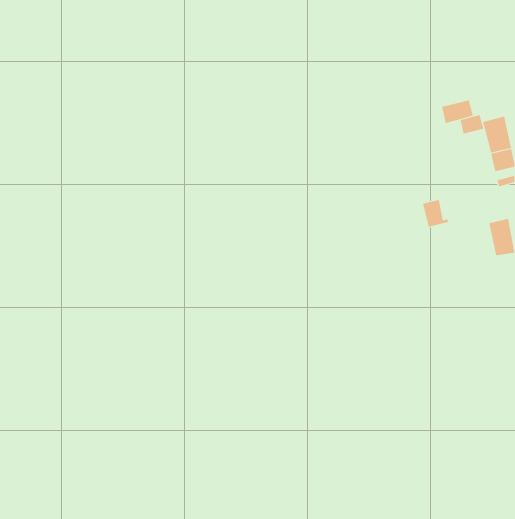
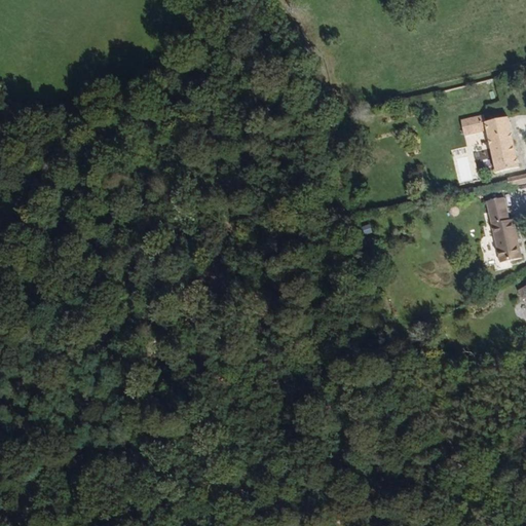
building: [442,100,473,124] -> none
building: [422,200,449,227] -> [484,196,511,224]

